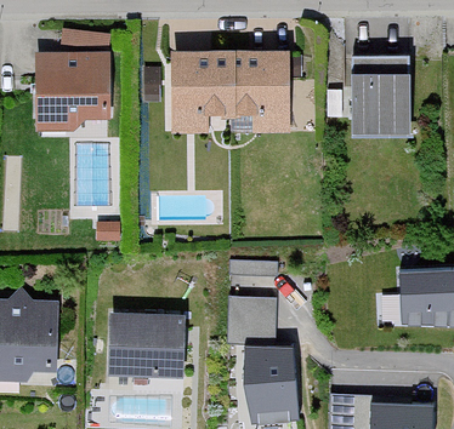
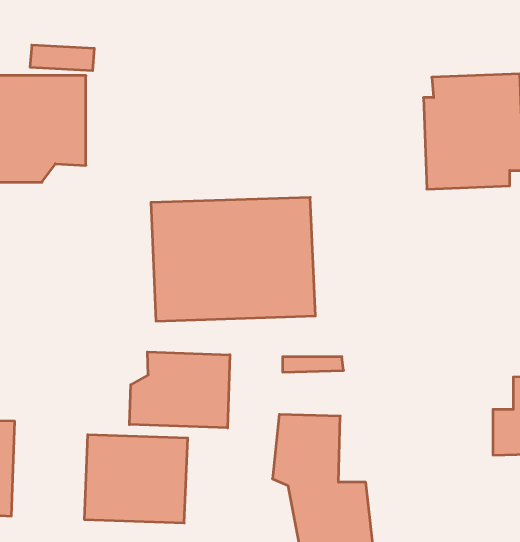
building: [168,48,285,137] -> [151,197,315,321]
building: none -> [129,352,230,428]

